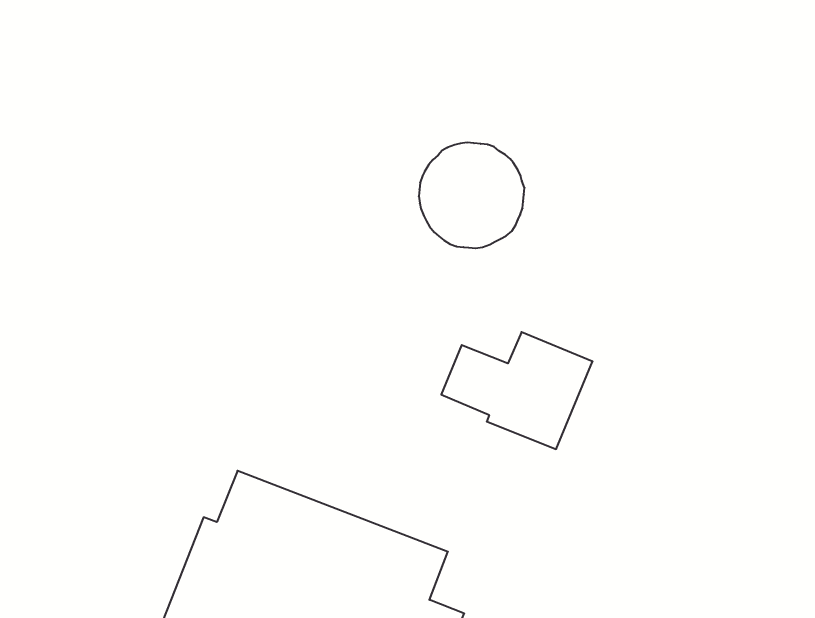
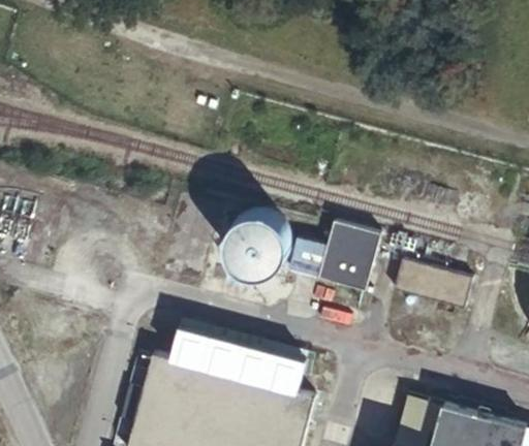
building: [419,143,525,248] -> [225,214,288,277]
building: none -> [393,262,471,313]

